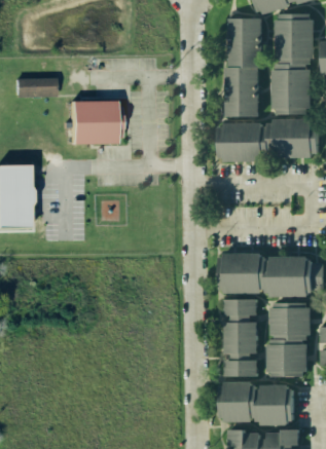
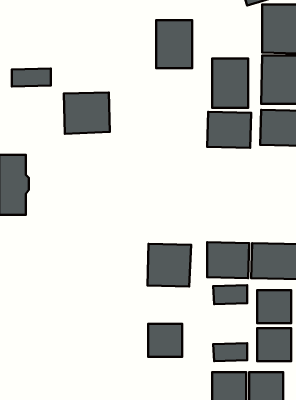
building: [223,14,260,64] -> [156,20,192,68]
building: none -> [147,244,191,286]
building: [223,322,258,356] -> [148,324,182,357]

